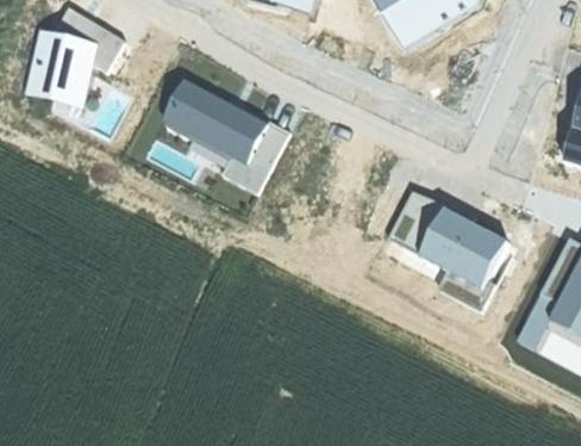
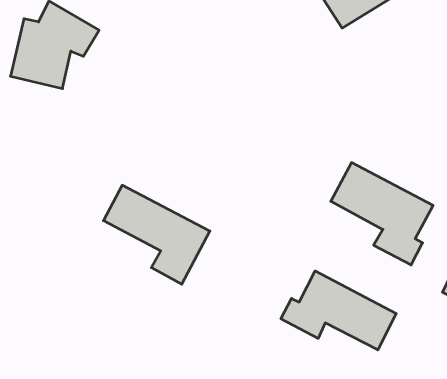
building: [165,82,287,196] -> [103,185,210,284]
building: none -> [281,271,396,350]

